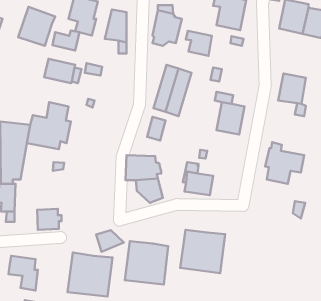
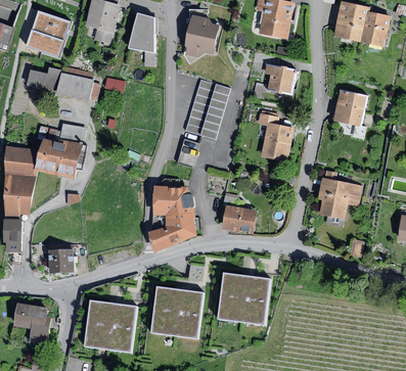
building: [53,30,80,50] -> [28,67,59,91]
building: [186,31,212,56] -> [264,63,295,93]
building: [96,230,124,252] -> [148,227,181,252]

